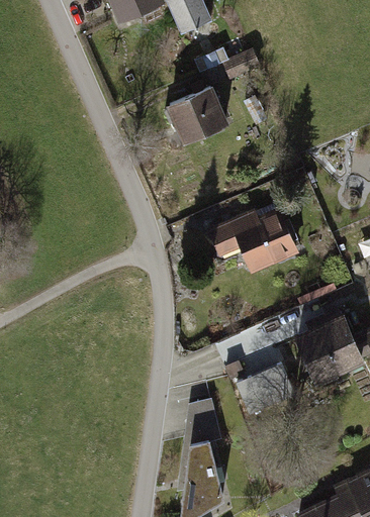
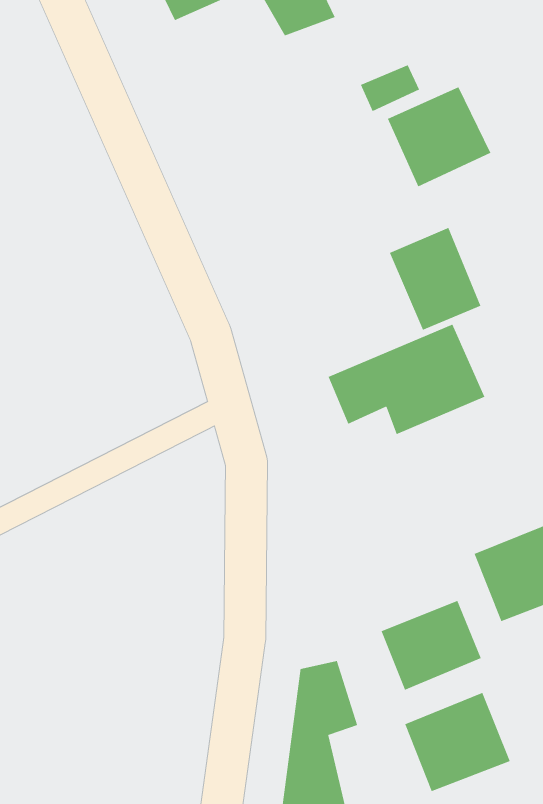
building: [168,86,229,145] -> [387,86,492,187]
building: none -> [389,227,481,331]
building: none -> [404,692,511,792]

